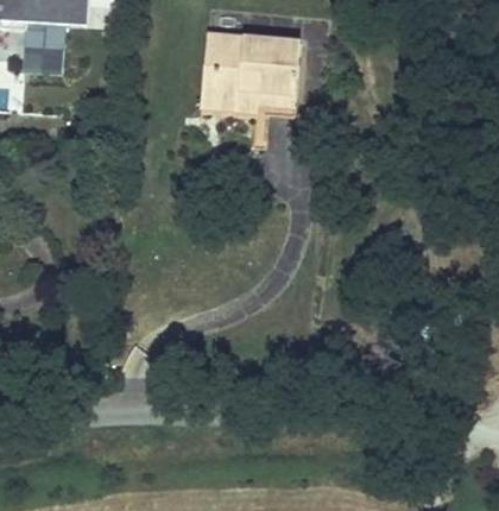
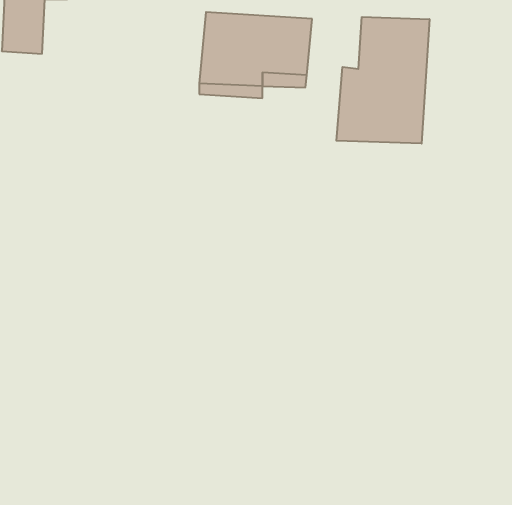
building: none -> [336,17,429,144]

